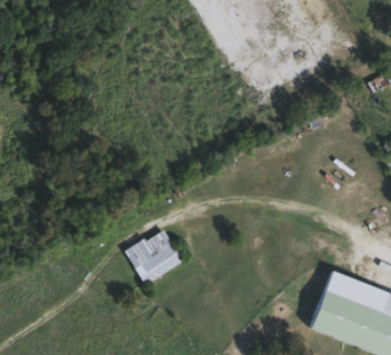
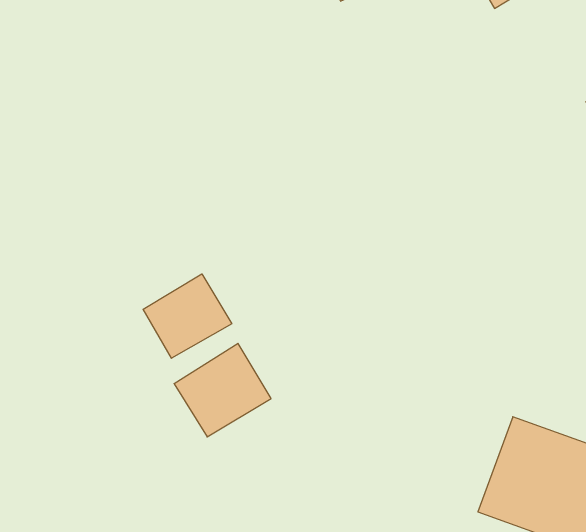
building: none -> [143,274,232,358]

